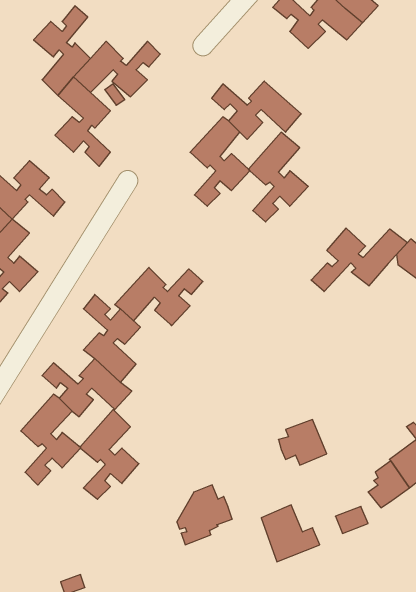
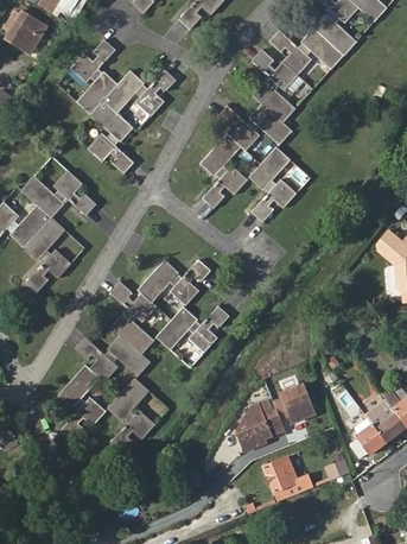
building: none -> [252,49,299,121]
building: [311,228,408,292] -> none
building: none -> [157,305,230,353]
building: [177,485,232,545] -> [237,400,284,450]

